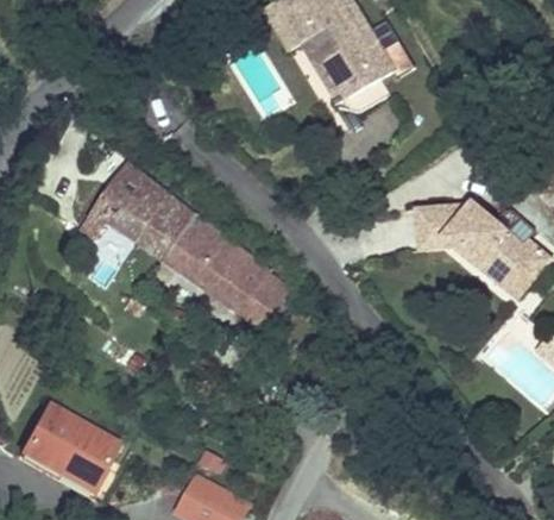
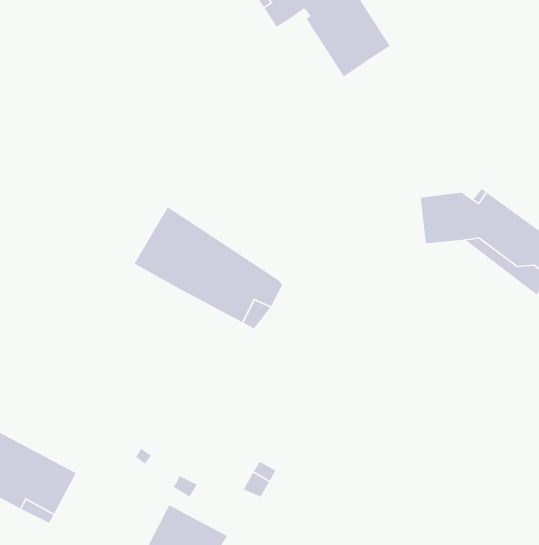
building: [300,32,390,108] -> none
building: [76,145,191,263] -> none

